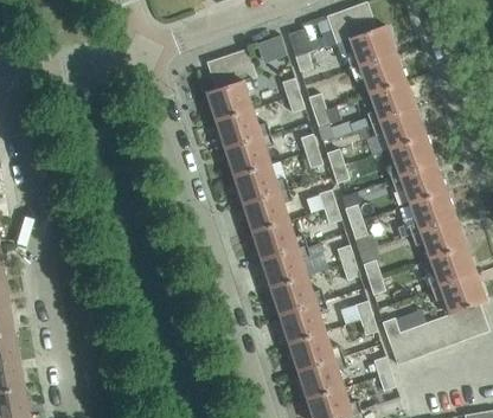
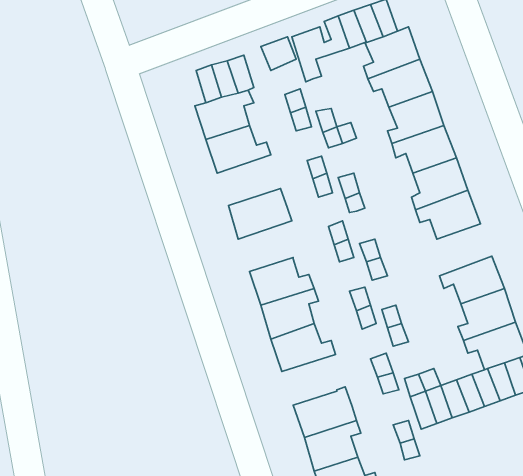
building: [224,133,277,175] -> none
building: [242,188,296,231] -> none
building: [397,191,455,237] -> none
building: [278,301,327,343] -> none

